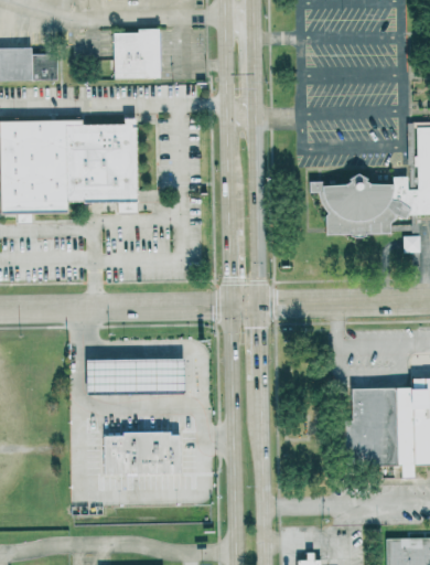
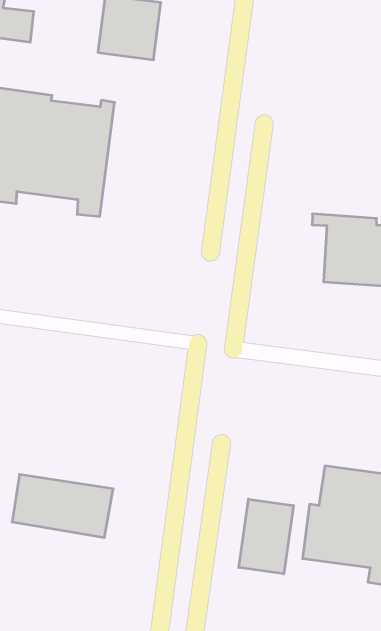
building: [86,358,185,394] -> none
building: none -> [239,499,293,574]

